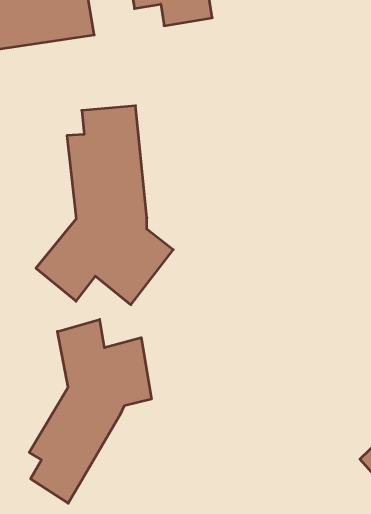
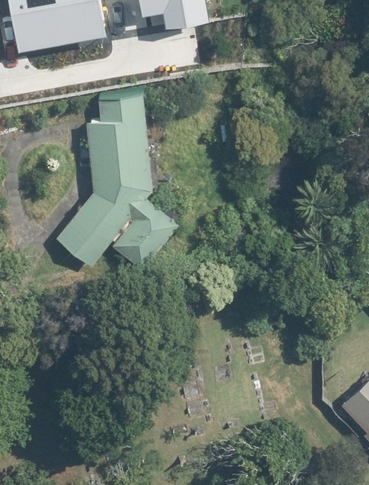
building: [29,319,151,503] -> none

